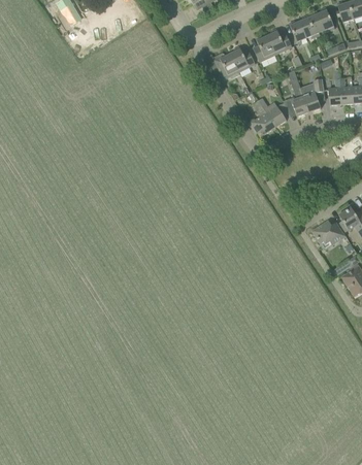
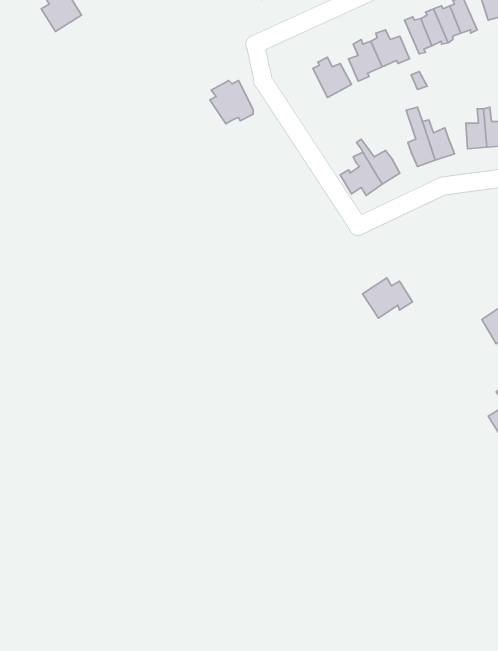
building: [211,53,239,80] -> [210,80,253,124]
building: [312,220,344,245] -> [363,278,412,318]

